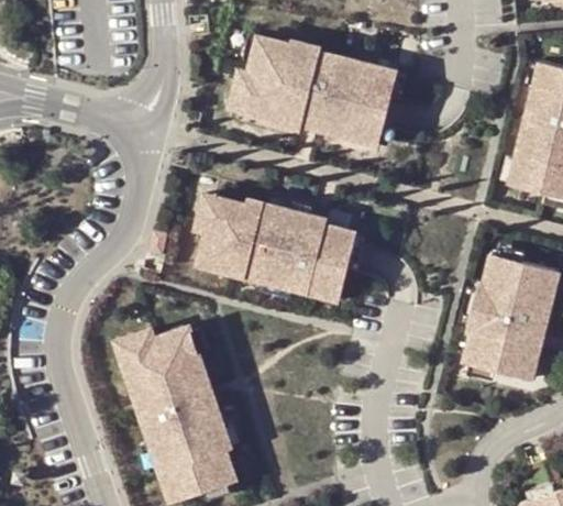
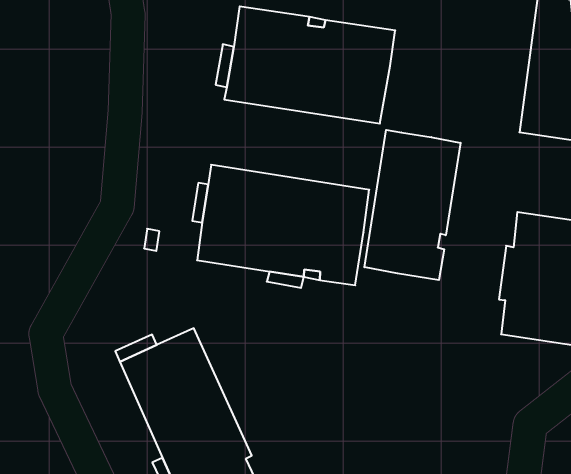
building: none -> [364,130,461,280]

